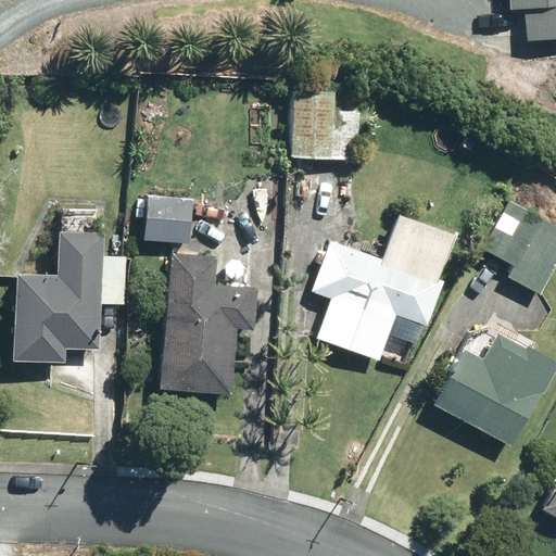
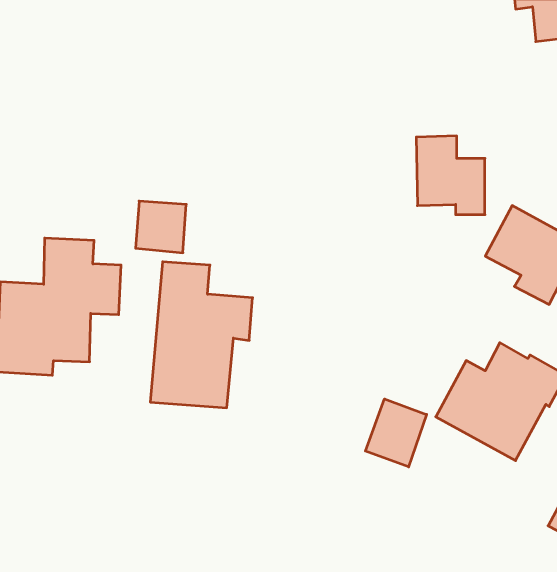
building: [293,91,359,167] -> [416,136,485,215]
building: [315,215,454,362] -> none
building: none -> [365,399,427,467]

